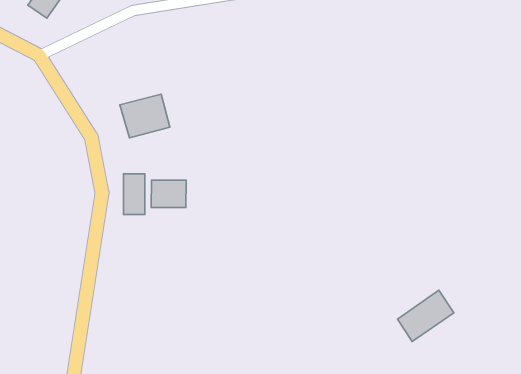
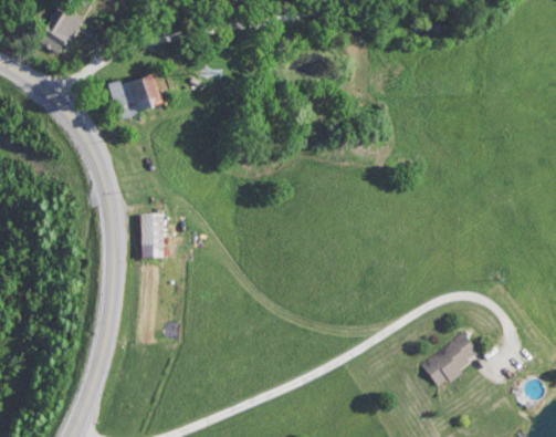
building: [120,94,170,138] -> [108,72,160,117]
building: [151,180,186,208] -> none

